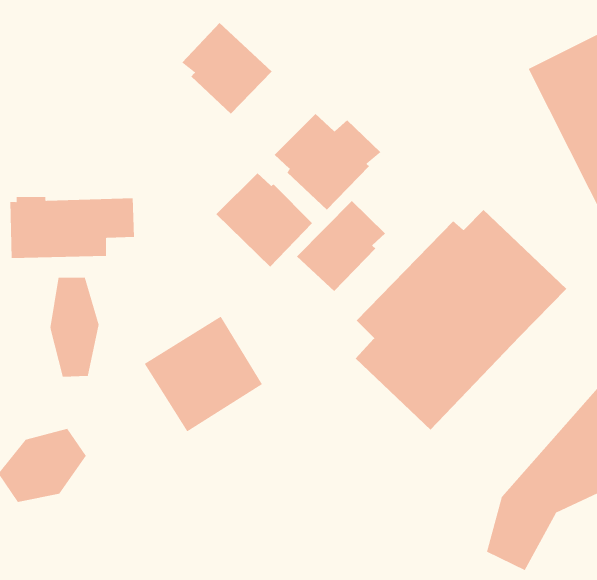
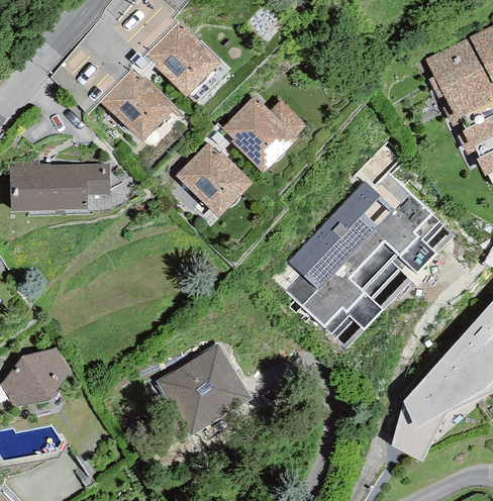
building: none -> [100,69,176,142]
building: [296,200,386,292] -> none
building: [50,277,99,378] -> none
building: [144,316,263,432] -> [157,343,252,436]

